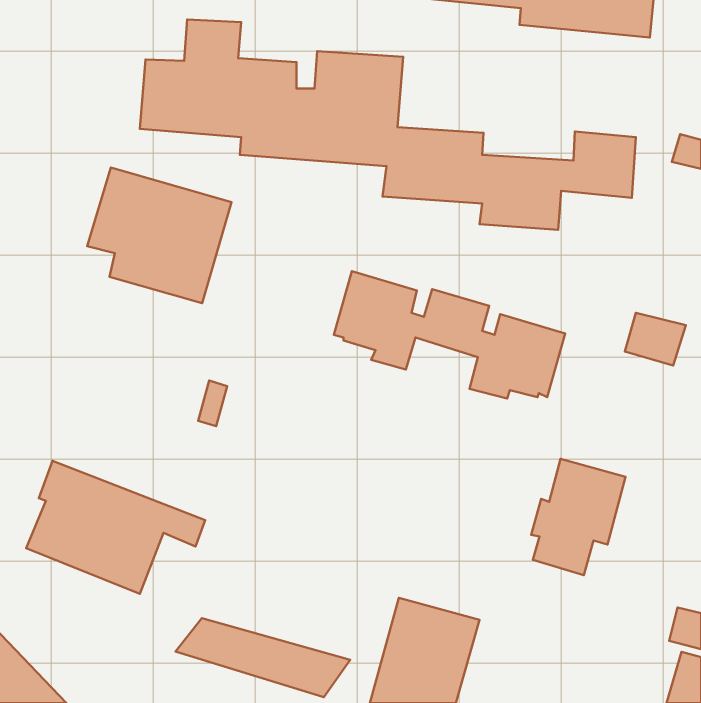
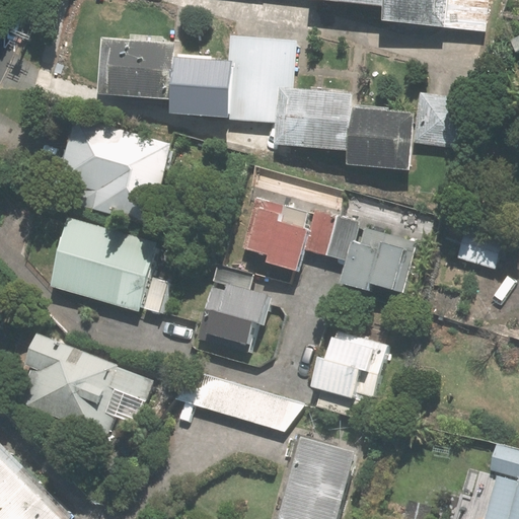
building: none -> [53,222,154,309]
building: none -> [199,265,269,353]
building: [531,459,626,575] -> [315,332,384,418]
building: [175,618,350,697] -> [173,372,301,430]

